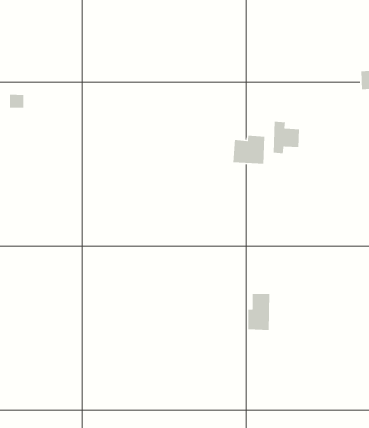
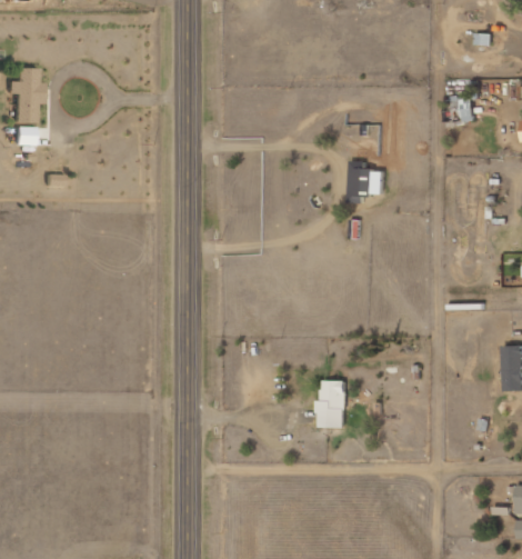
building: none -> [9,69,40,123]
building: [233,135,265,164] -> none

